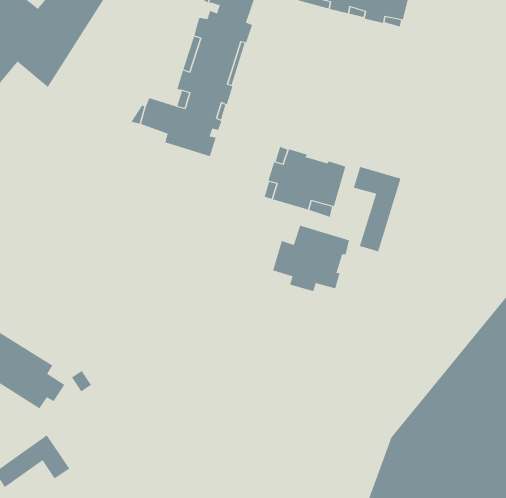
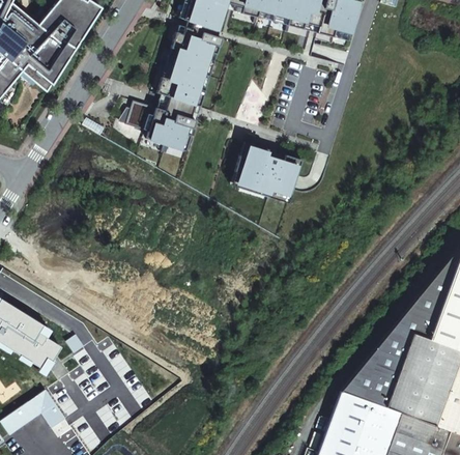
building: [353,166,401,252] -> none
building: [272,224,350,292] -> none

